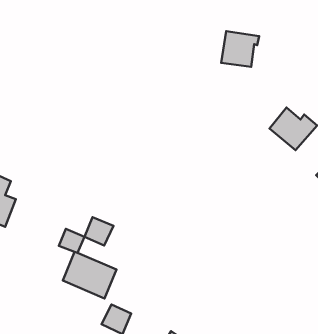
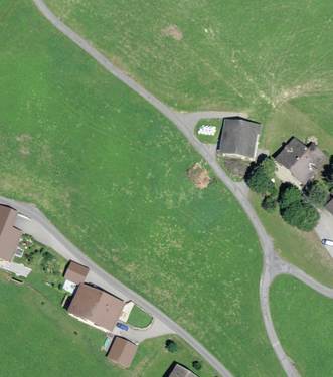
building: [221,31,259,67] -> [221,119,260,155]
building: [85,217,113,246] -> none

